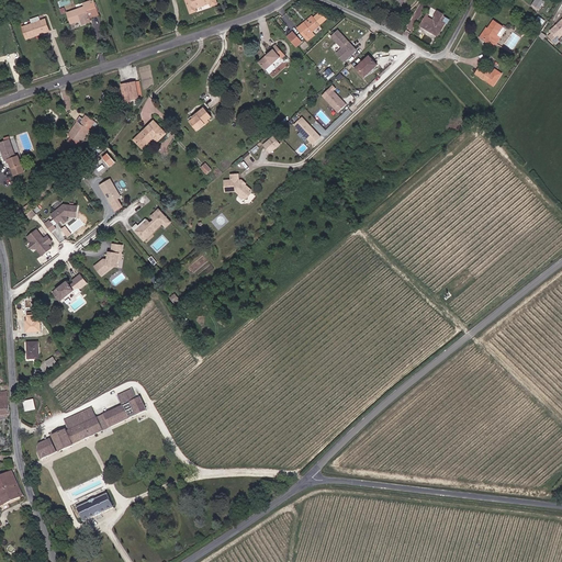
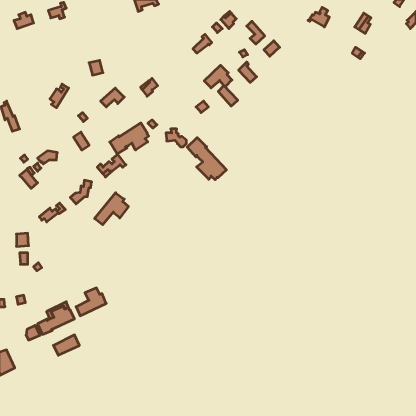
building: none -> [204,65,232,88]
building: none -> [110,123,149,154]
building: none -> [187,138,226,180]
building: none -> [95,193,128,225]
building: [76,492,111,519] -> [53,335,79,355]

